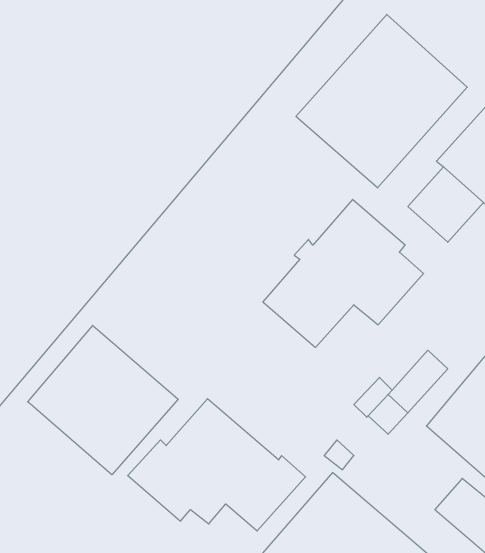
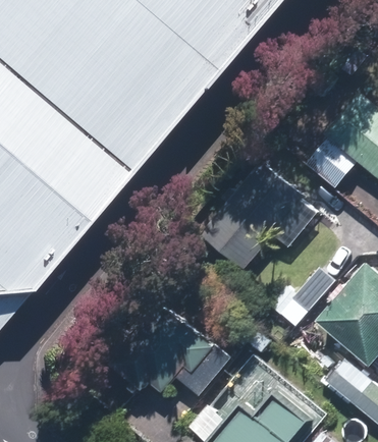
building: [296,14,467,188] -> none
building: [28,325,178,475] -> none

